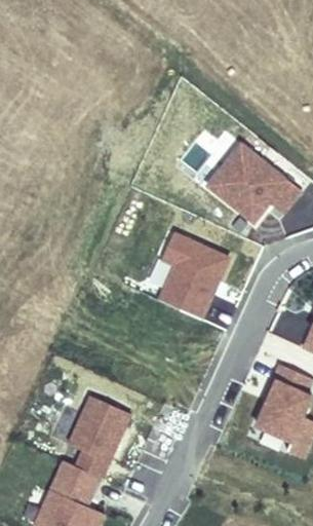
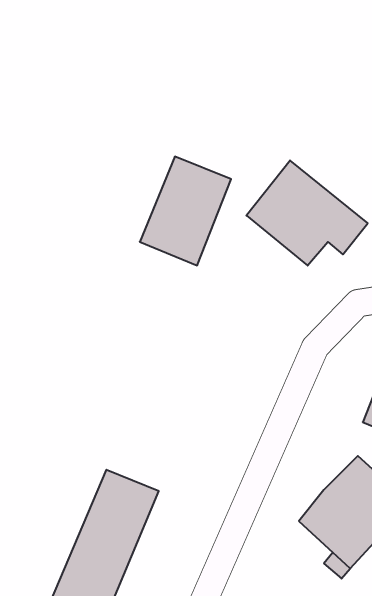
building: [152,235,227,325] -> [140,157,231,265]

